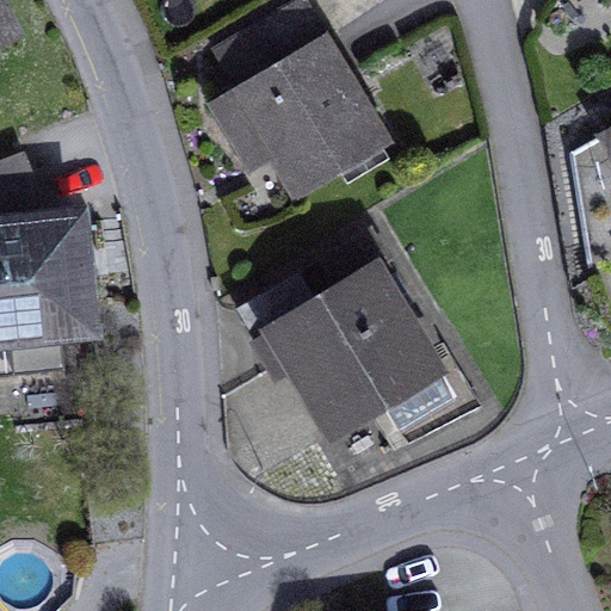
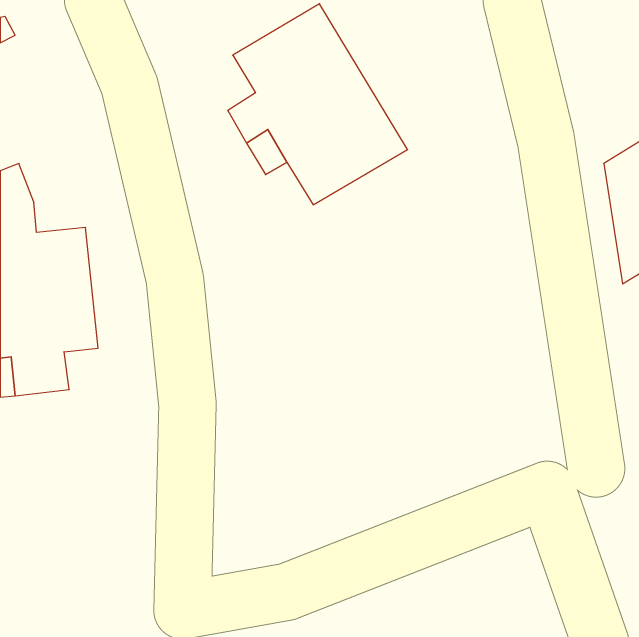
building: [241,237,457,436] -> none

